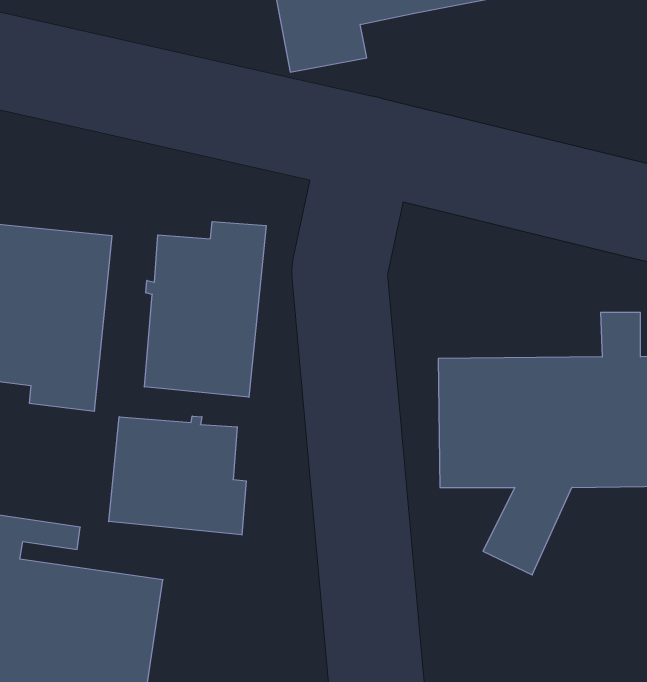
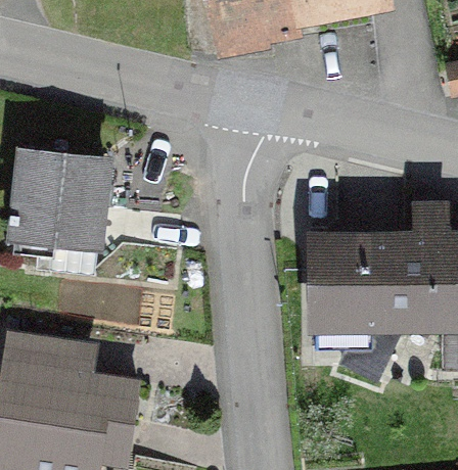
building: [144,222,266,397] -> none
building: [109,416,246,535] -> none

